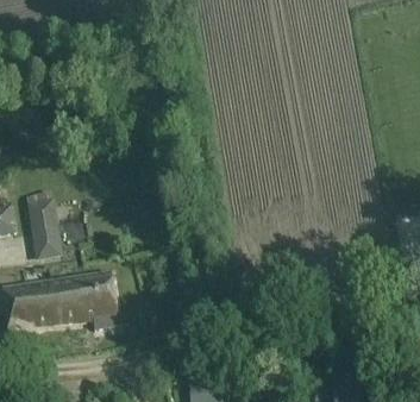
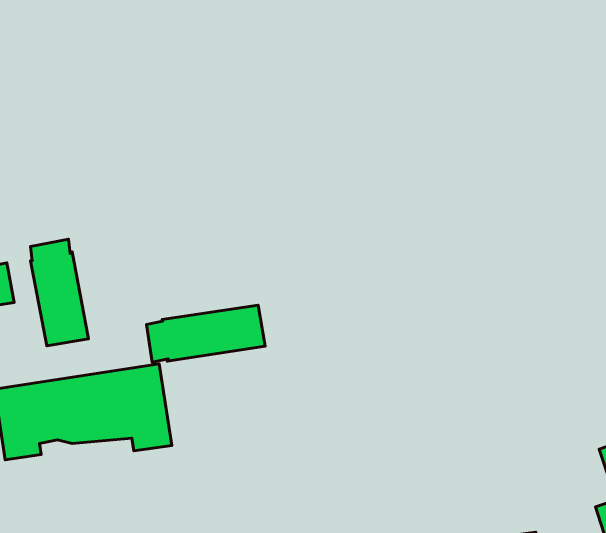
building: none -> [147,305,265,362]

